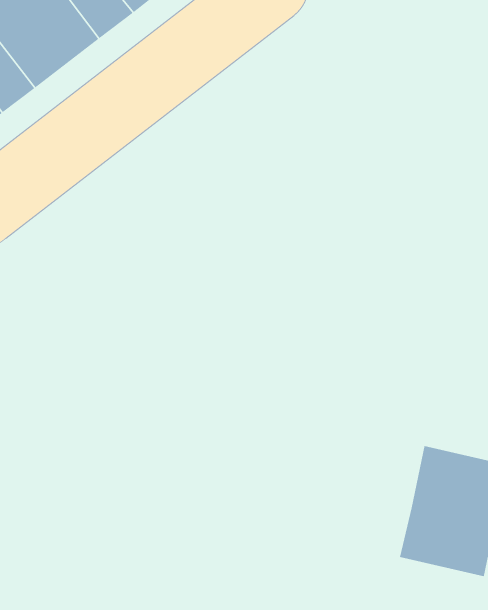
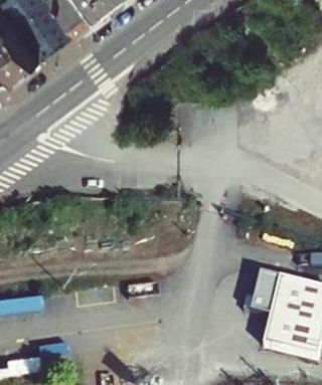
building: none -> [251,273,279,316]

